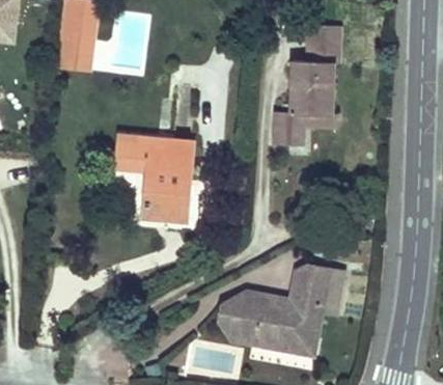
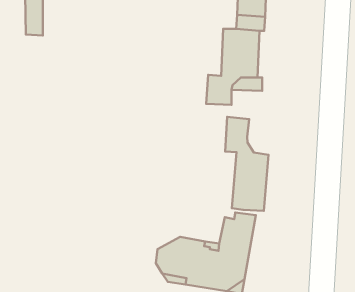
building: [116,136,192,220] -> none
building: none -> [225,117,268,211]

